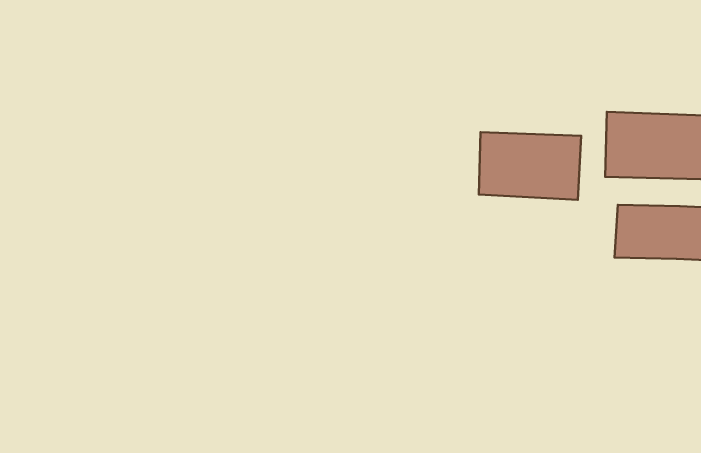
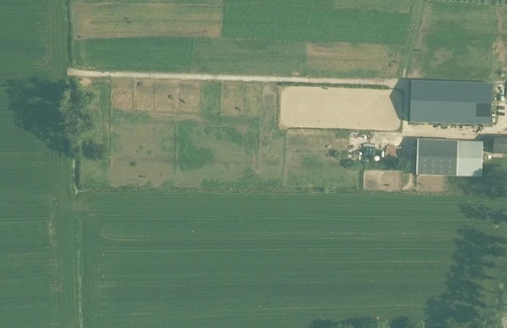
building: [479,132,581,200] -> none

